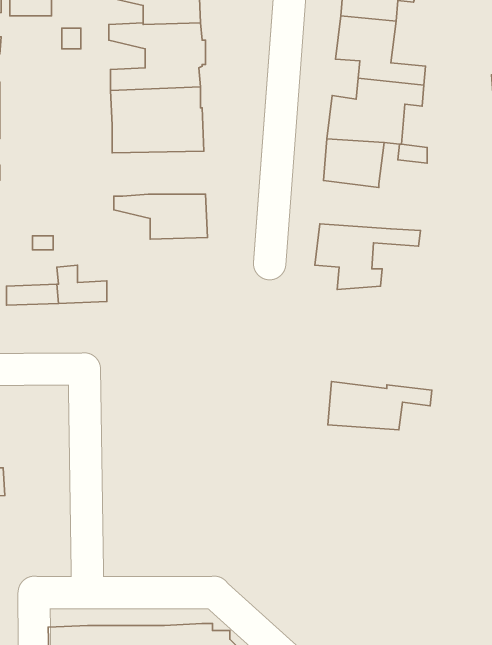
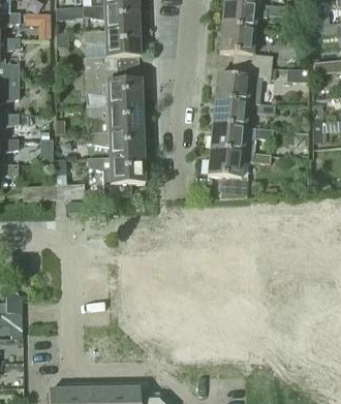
building: none -> [87,106,143,133]
building: none -> [89,157,145,195]
building: [328,381,432,430] -> [211,124,273,153]

